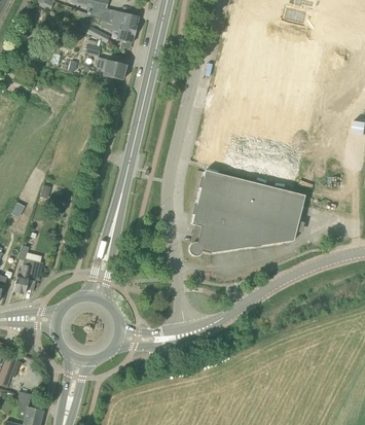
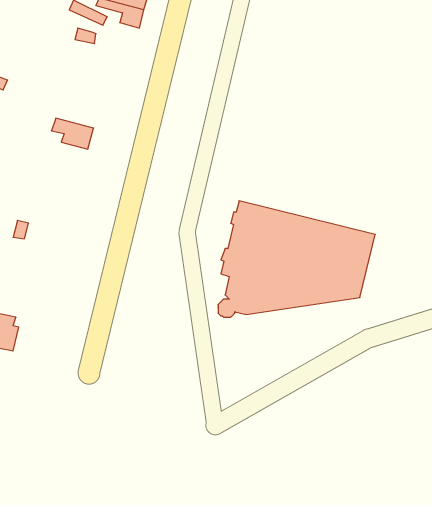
building: [96,58,126,80] -> [51,118,94,149]

